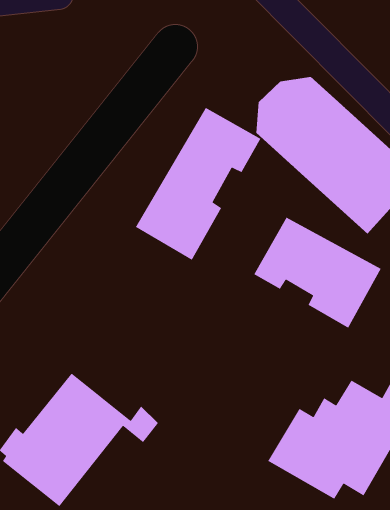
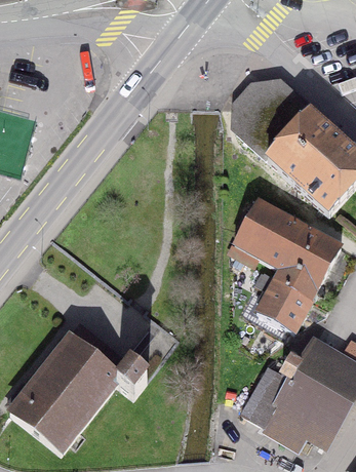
building: [135,107,262,261] -> none
building: none -> [254,270,312,330]

